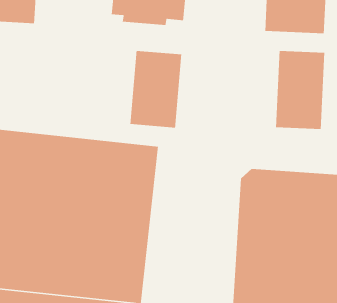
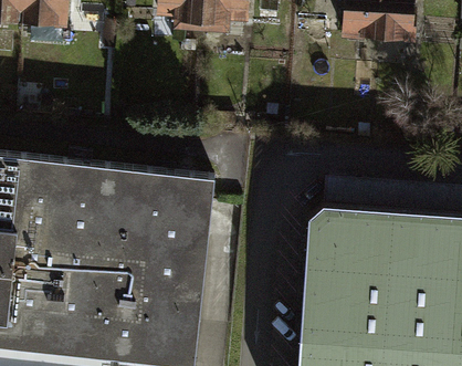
building: [130,50,182,128] -> none
building: [275,50,325,130] -> none

